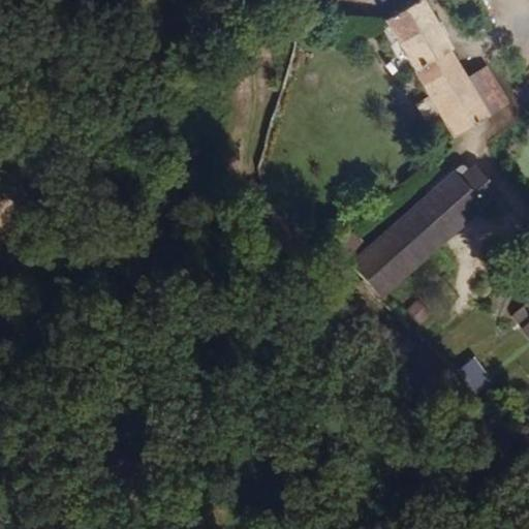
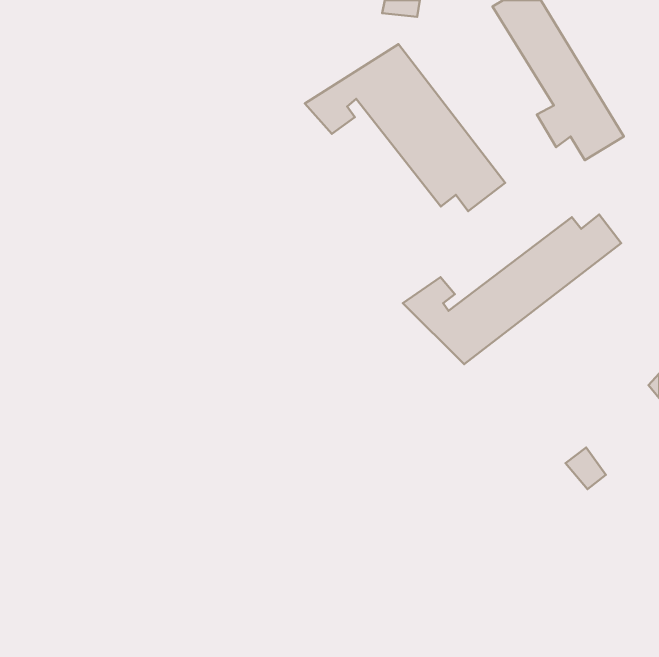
building: none -> [305,44,505,211]

